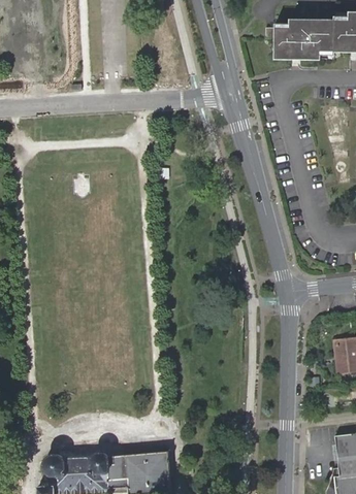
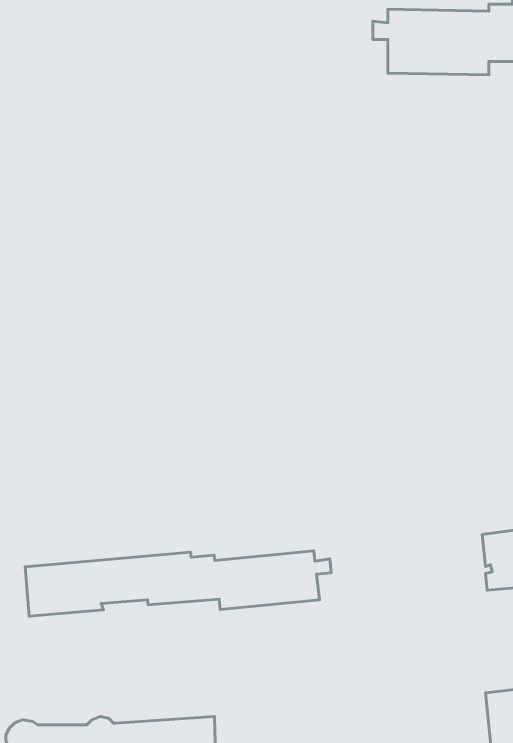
building: none -> [25,551,331,616]

